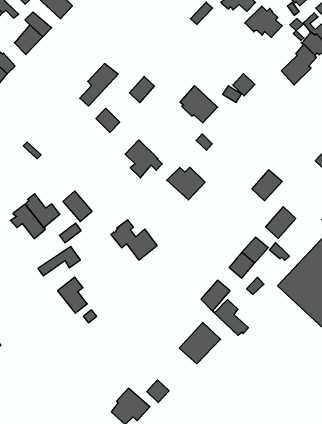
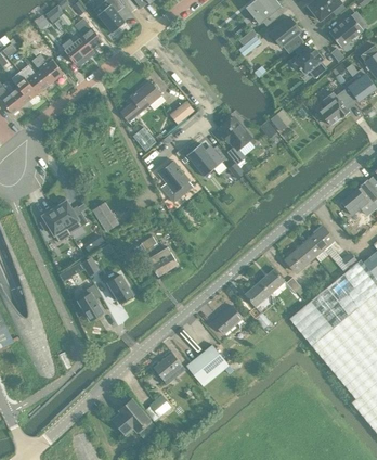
building: [167,167,205,200] -> [186,143,223,176]
building: [252,170,282,201] -> [304,226,335,255]
building: none -> [104,273,132,302]
building: [213,300,248,335] -> none
building: none -> [154,353,185,383]

